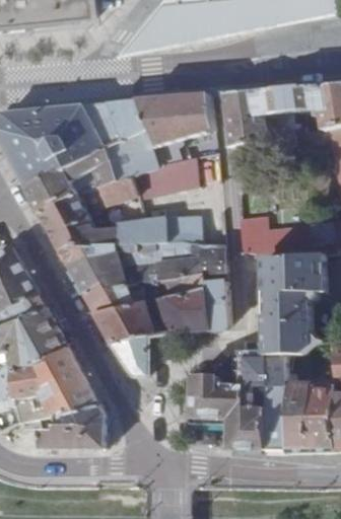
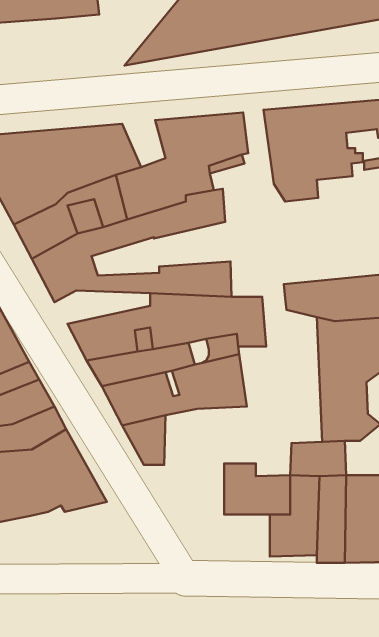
building: [112,98,146,136] -> none
building: [58,234,134,261] -> none
building: [204,279,229,326] -> none
building: [40,402,107,446] -> none

